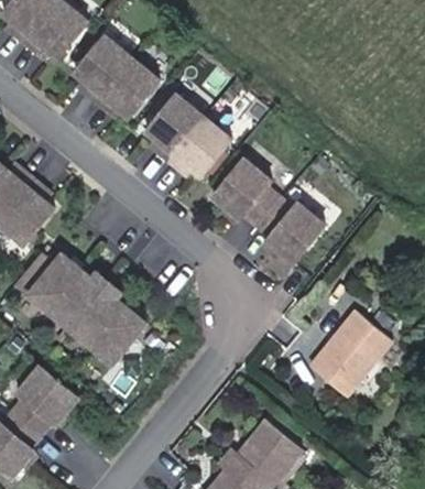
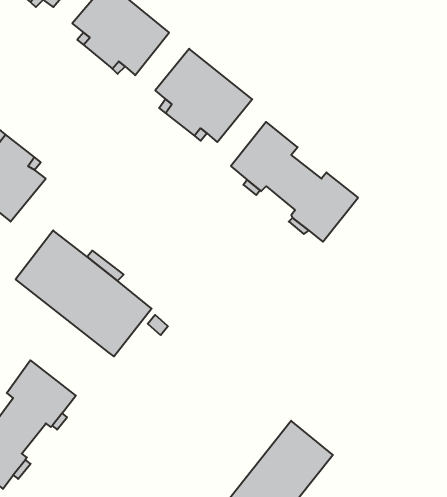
building: [309,307,391,393] -> none

